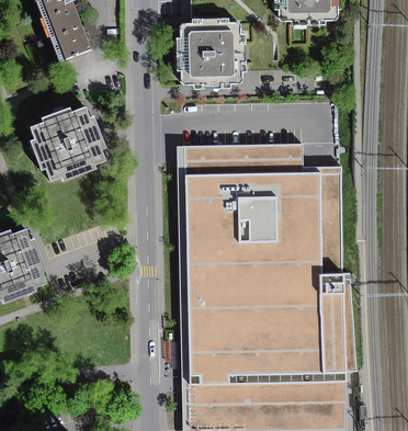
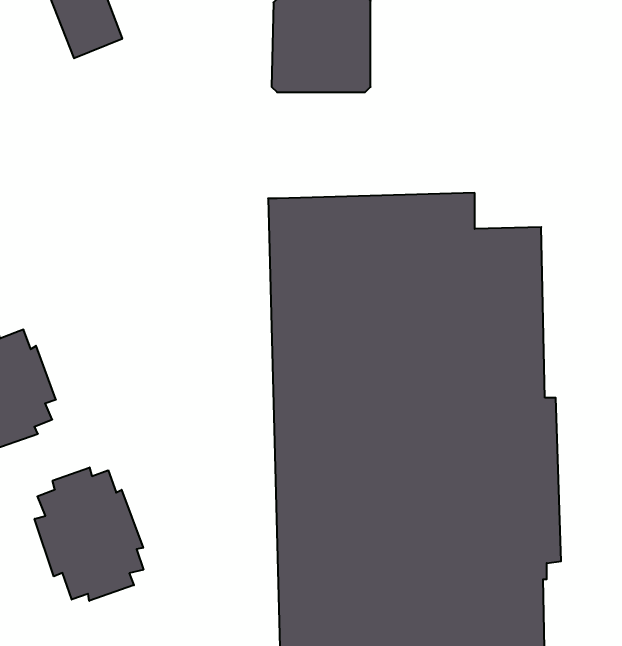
building: [33,104,109,180] -> none
building: none -> [35,467,143,601]

